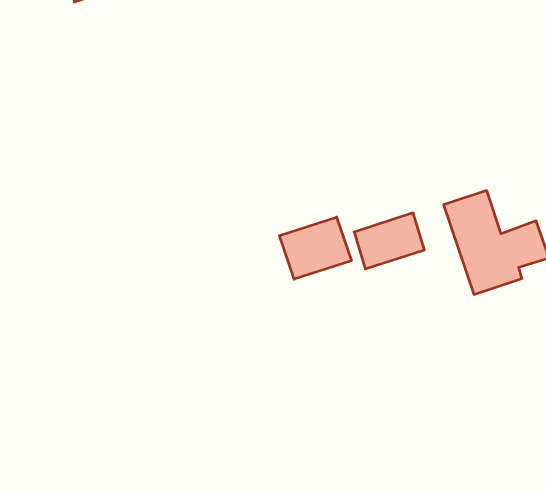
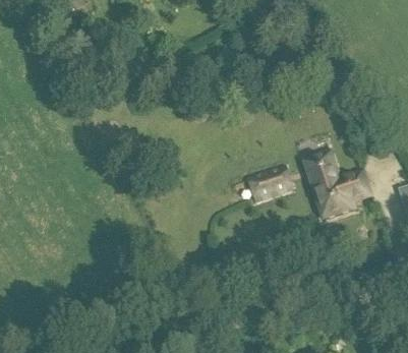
building: [279,217,351,279] -> none

